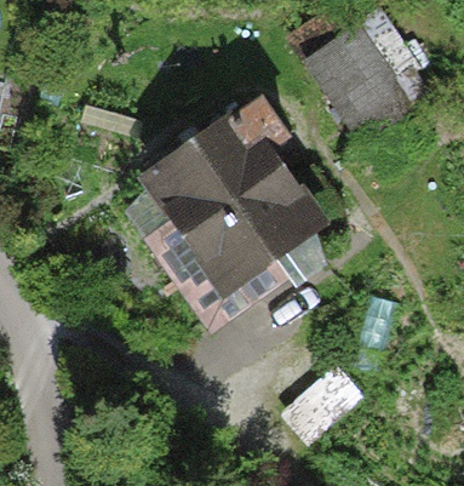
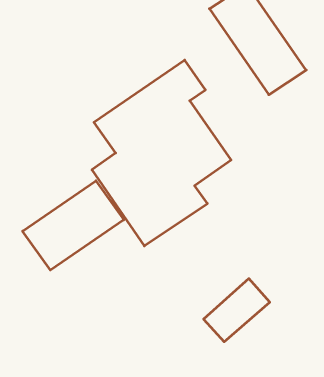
building: none -> [23,181,124,270]

